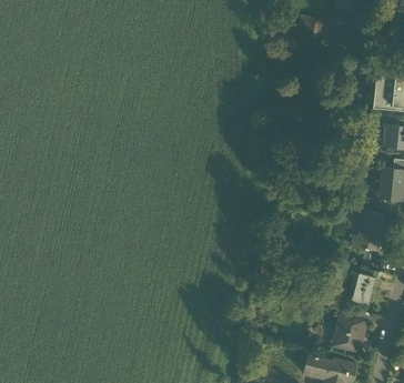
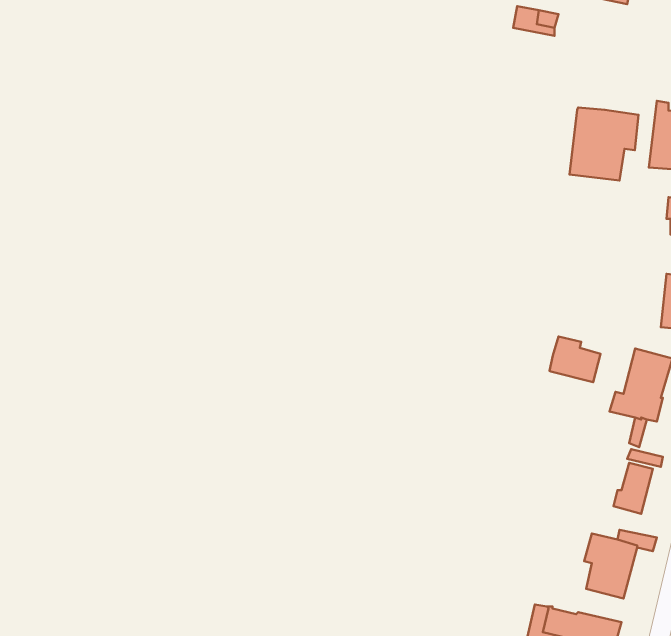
building: none -> [570,107,638,181]
building: none -> [550,337,600,382]

